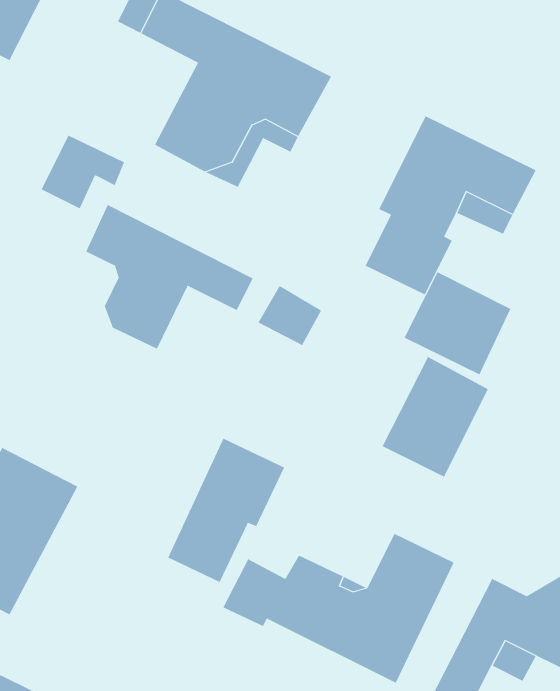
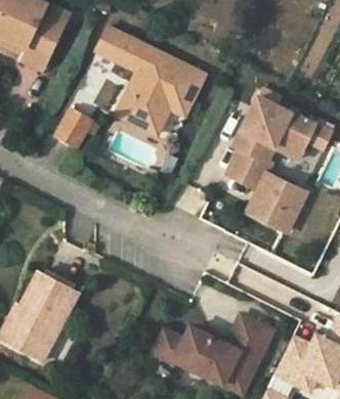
building: [86,204,254,350] -> none
building: [382,356,488,477] -> none
building: [167,438,285,583] -> none

